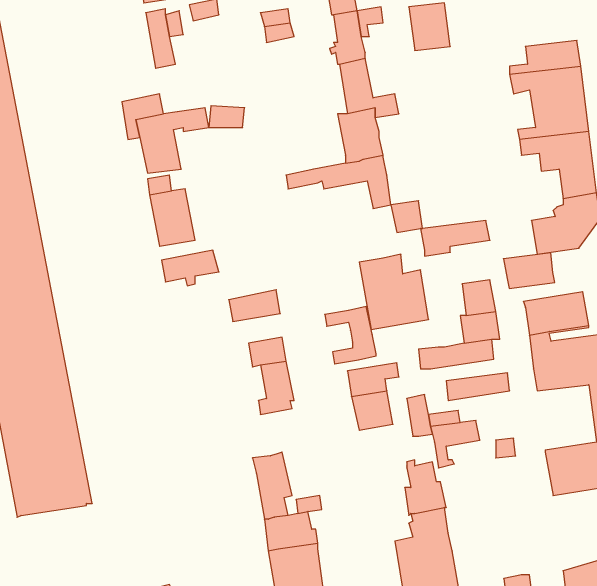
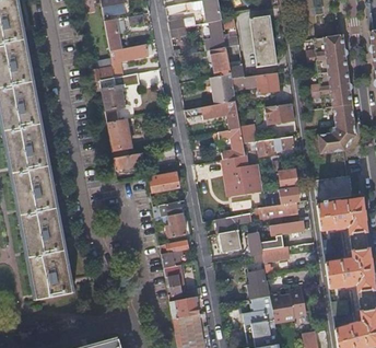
building: none -> [252,39,275,67]
building: none -> [109,44,148,77]
building: none -> [231,71,279,93]
building: [503,253,555,288] -> [265,103,293,123]
building: [325,306,376,364] -> [216,127,245,159]
building: none -> [158,240,188,267]
building: none -> [270,292,306,323]

